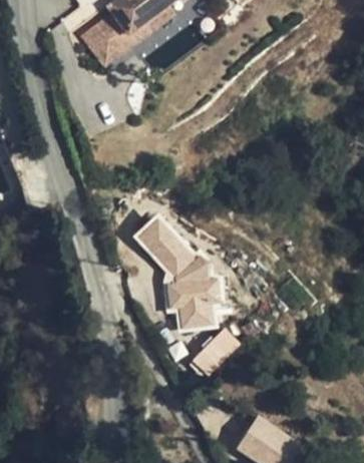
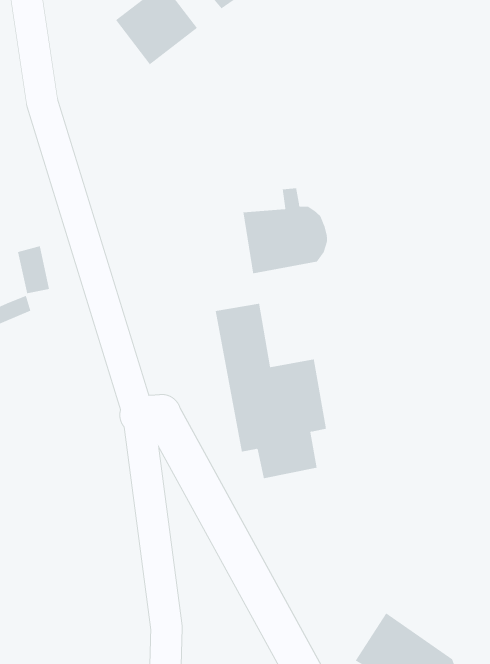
building: none -> [243,188,327,274]
building: [191,327,241,378] -> none

